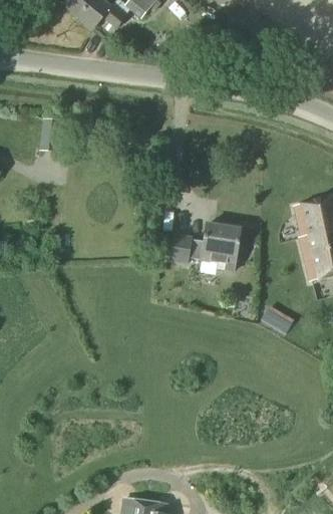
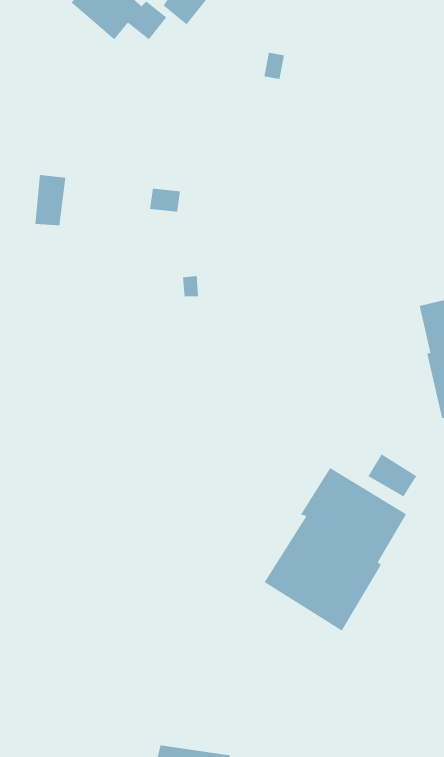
building: [170,224,240,265] -> none
building: none -> [264,467,407,632]

